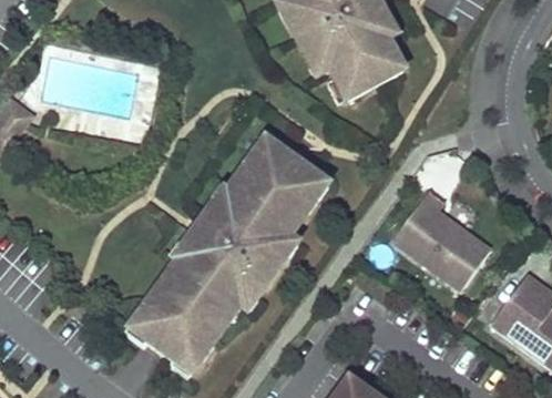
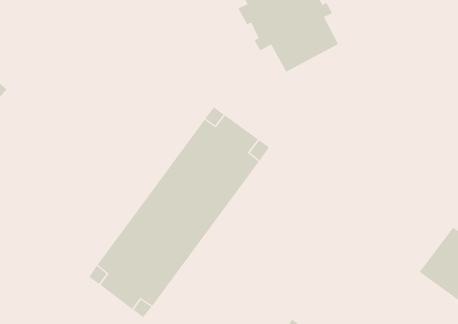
building: [395,188,492,287] -> none

